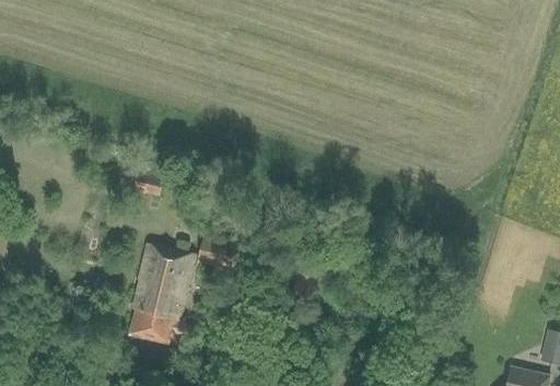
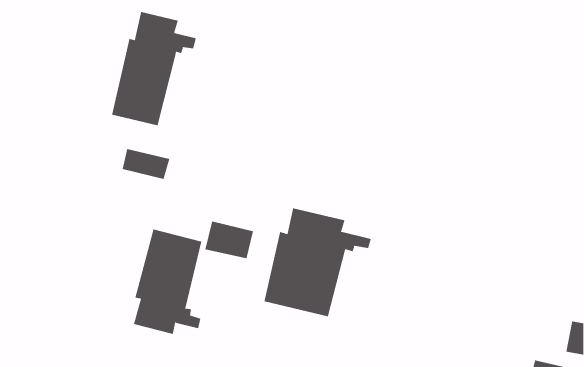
building: none -> [112,11,196,126]
building: none -> [264,207,372,317]

